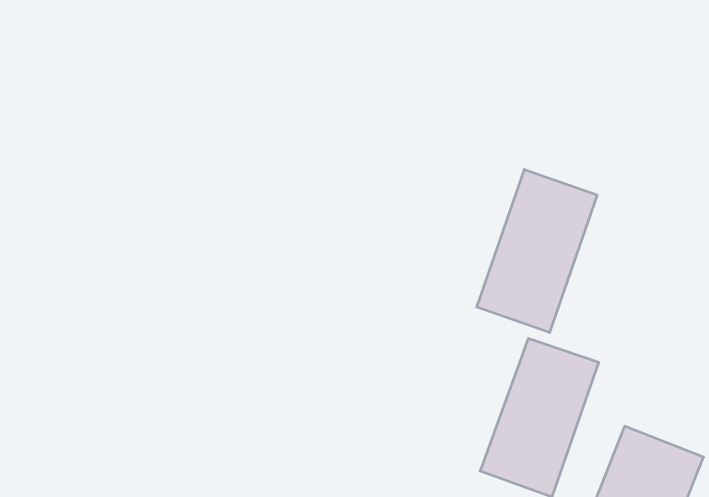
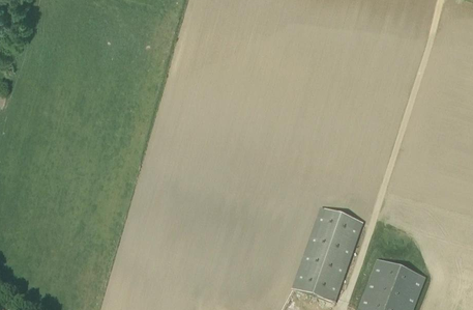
building: [477,169,597,333] -> none

